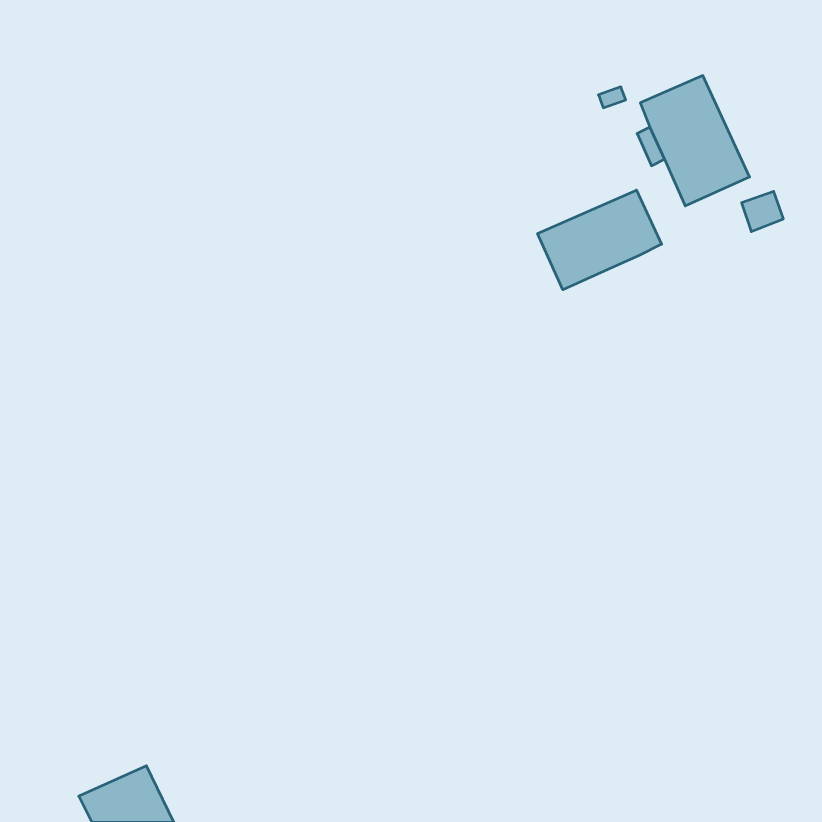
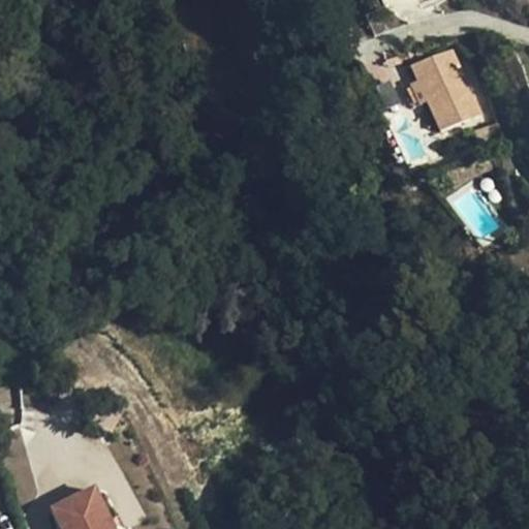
building: [538,190,662,290] -> none

